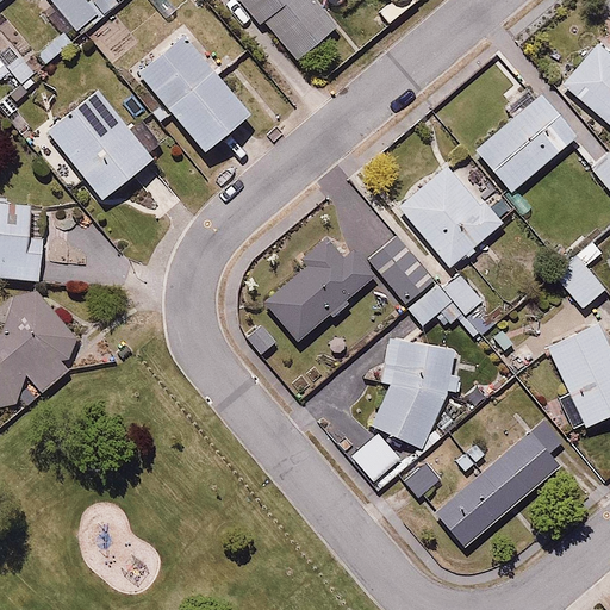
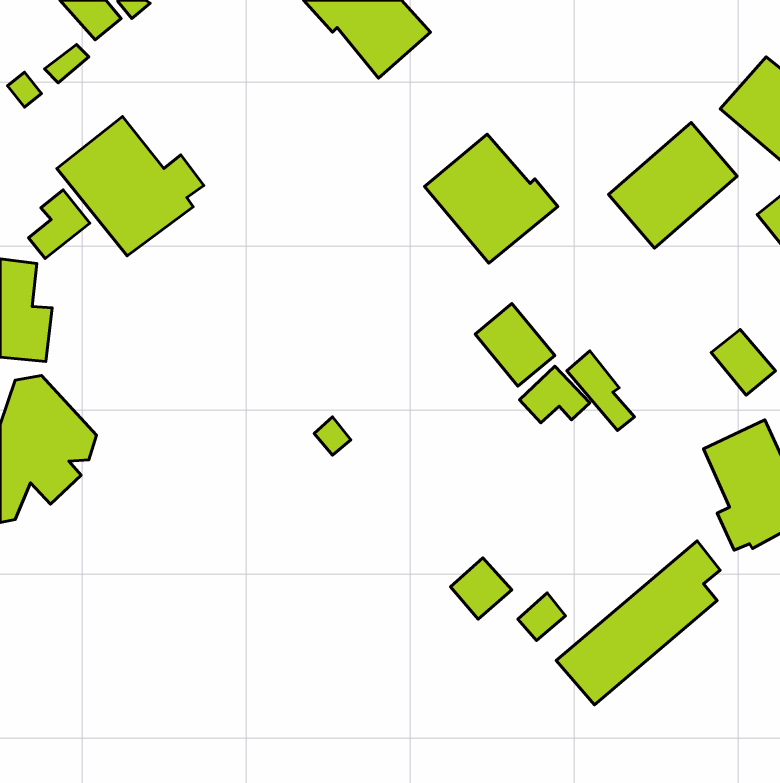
building: [137,35,249,151] -> none
building: none -> [29,190,90,258]
building: [399,167,503,267] -> [424,134,558,263]
building: [263,237,374,342] -> none
building: [371,340,460,449] -> none

